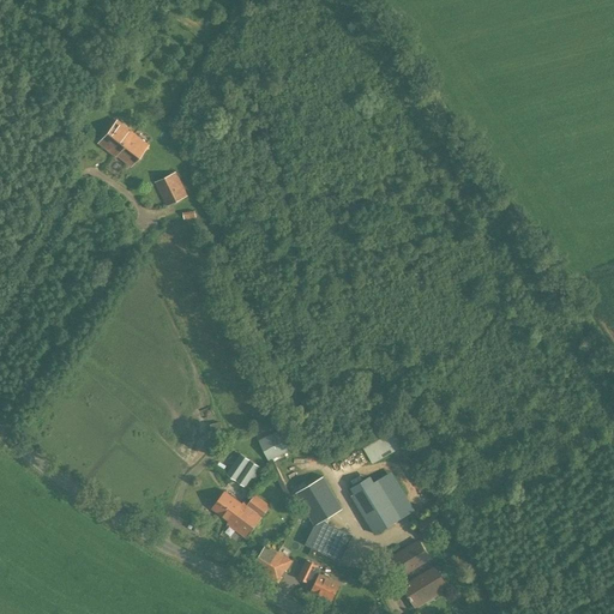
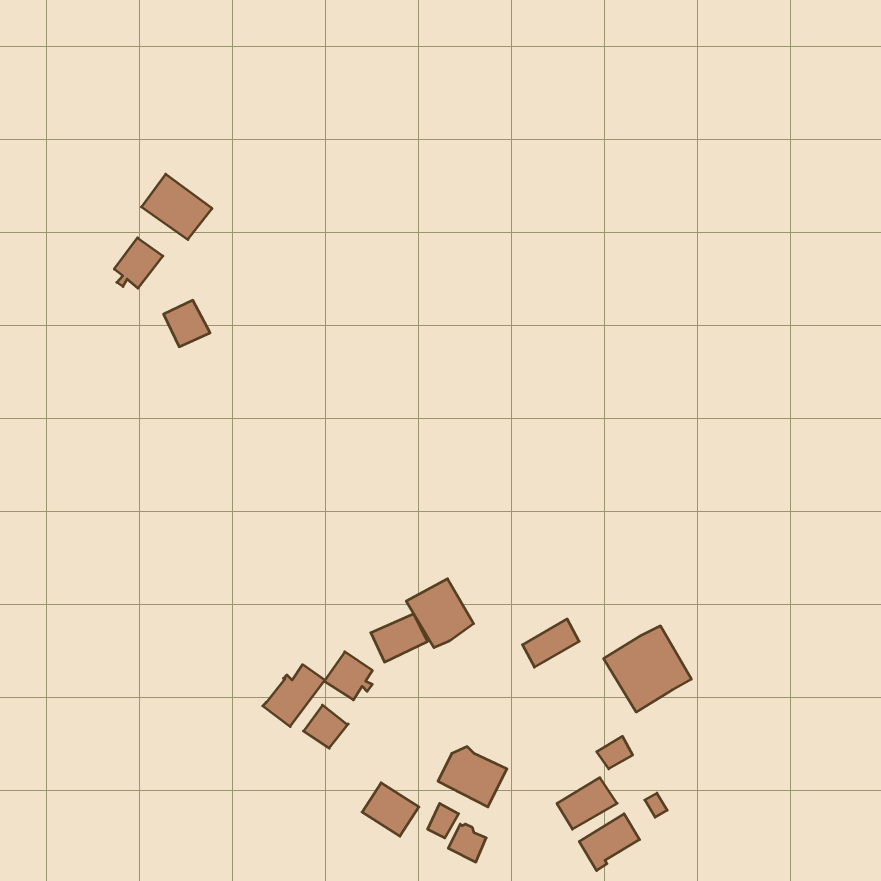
building: none -> [114,238,163,288]
building: [155,173,187,205] -> [164,300,210,347]
building: [353,474,414,534] -> [604,626,691,712]
building: [295,476,342,524] -> [406,579,474,648]
building: [227,494,270,537] -> [263,665,325,727]

